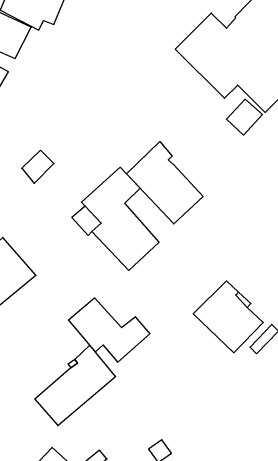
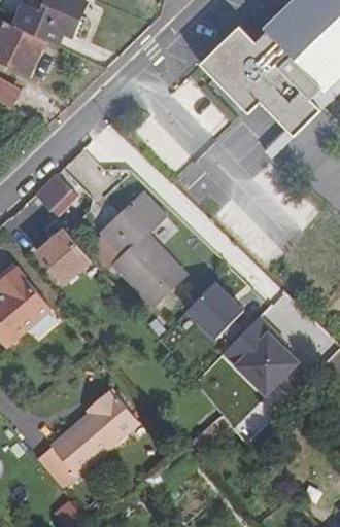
building: [127,142,203,224] -> none
building: none -> [35,230,91,285]
building: none -> [186,277,253,344]
building: [69,298,150,362] -> none

